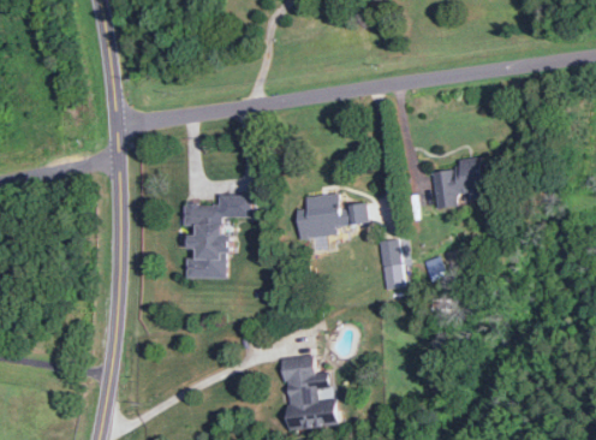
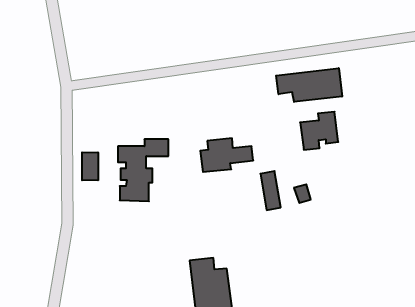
building: none -> [276,68,342,102]
building: none -> [82,152,98,180]

